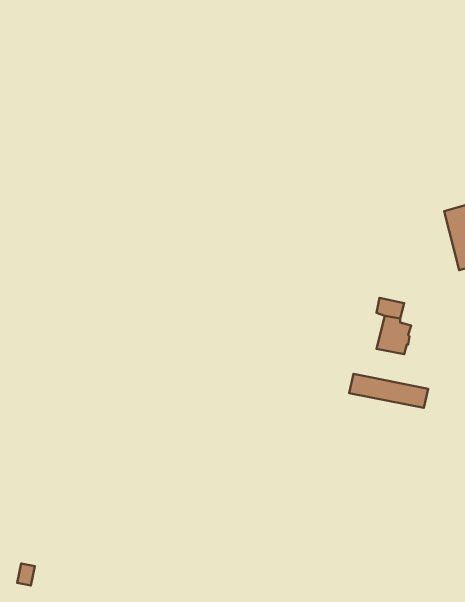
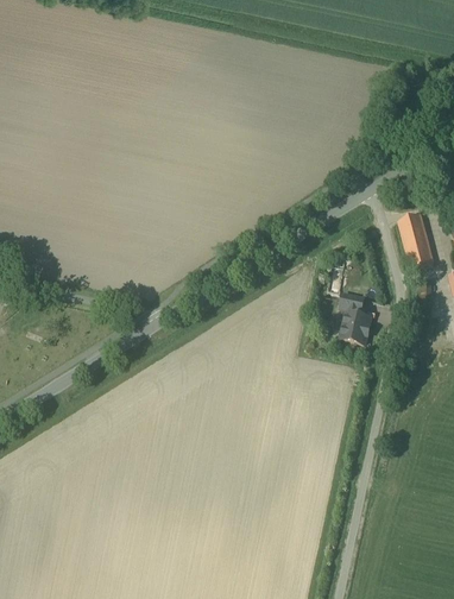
building: [349,374,428,408] -> none

